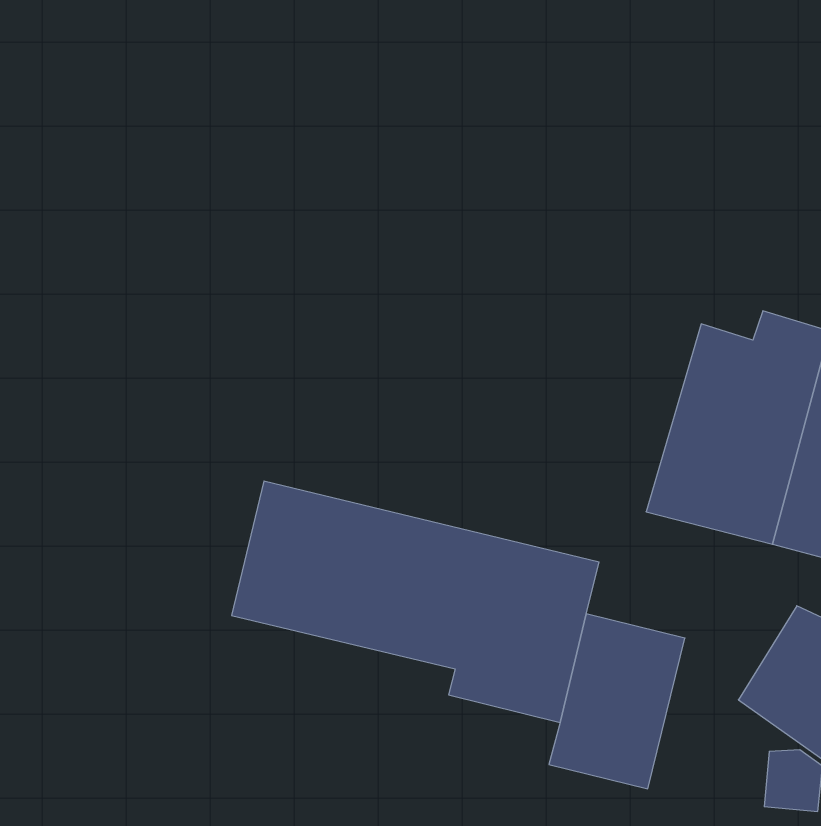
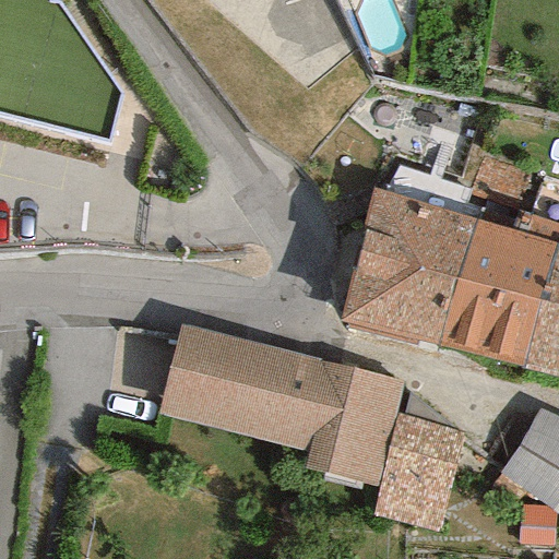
building: none -> [342,187,477,345]

